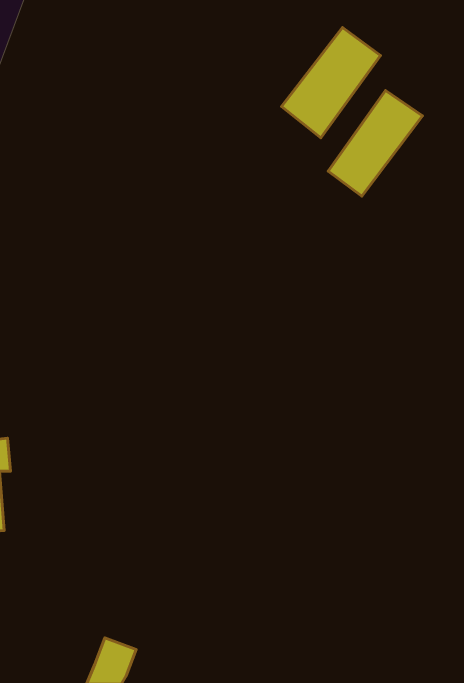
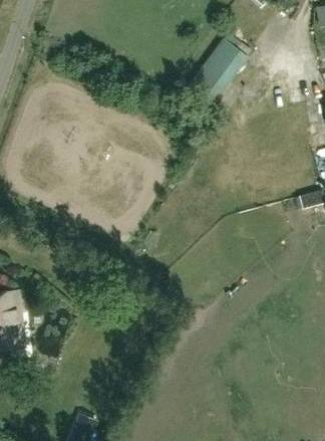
building: [328,91,422,196] -> none

